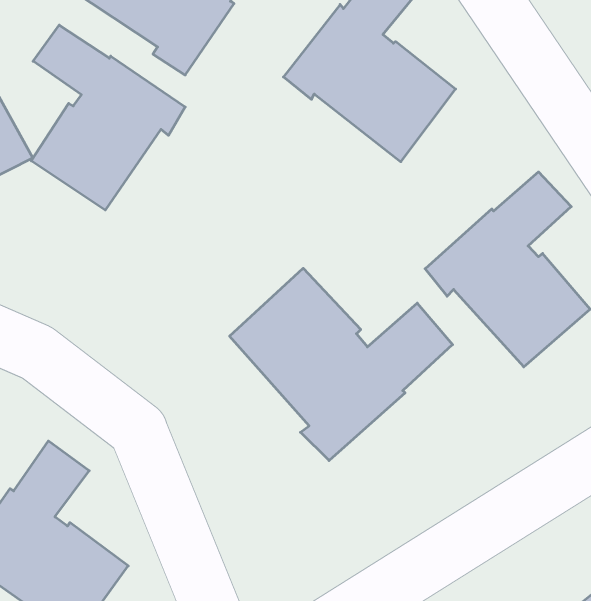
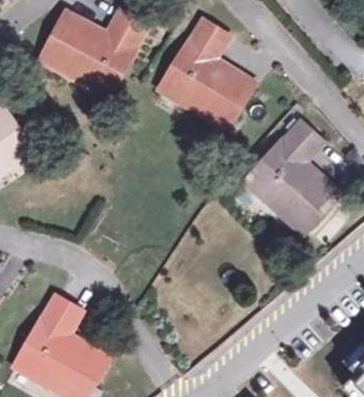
building: [31,25,185,210] -> none
building: [230,268,453,461] -> none

